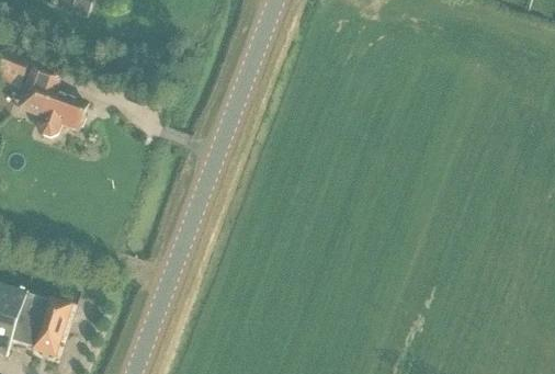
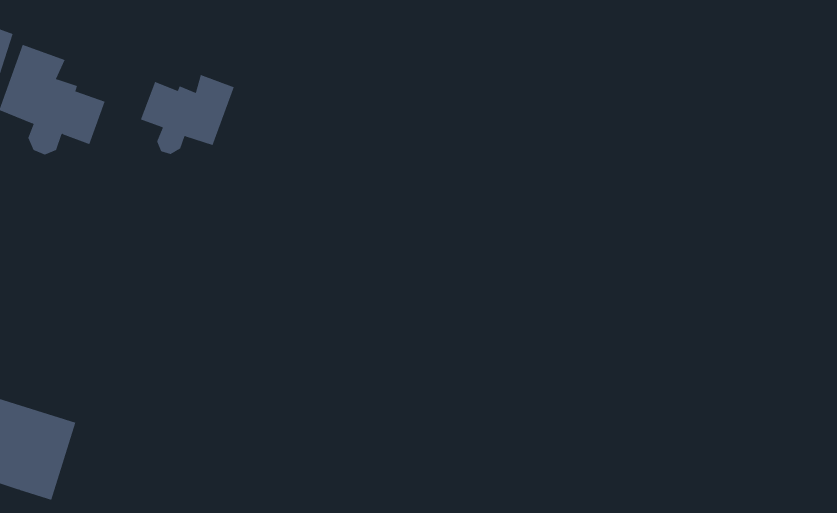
building: none -> [140,74,235,155]

